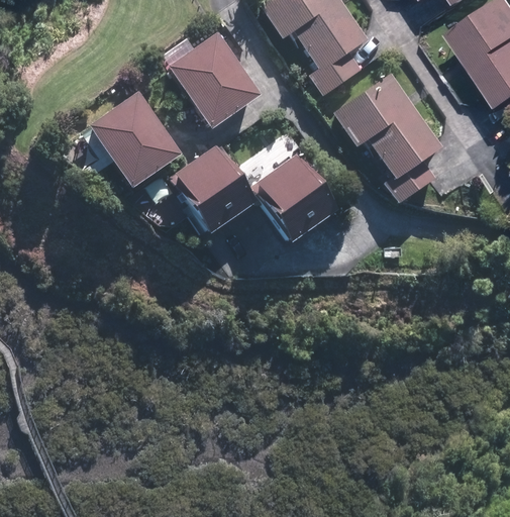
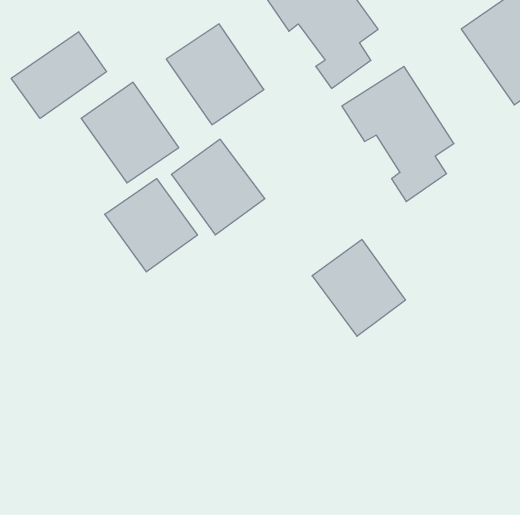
building: none -> [11,32,107,118]
building: [248,151,339,245] -> [312,240,406,336]
building: none -> [105,179,197,272]

